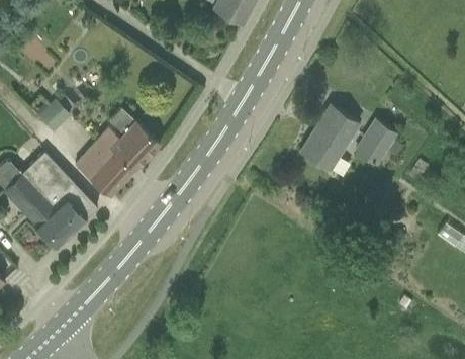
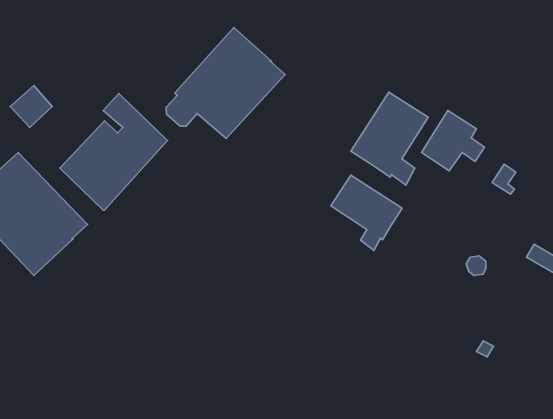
building: none -> [166,28,285,139]
building: none -> [331,175,402,250]

